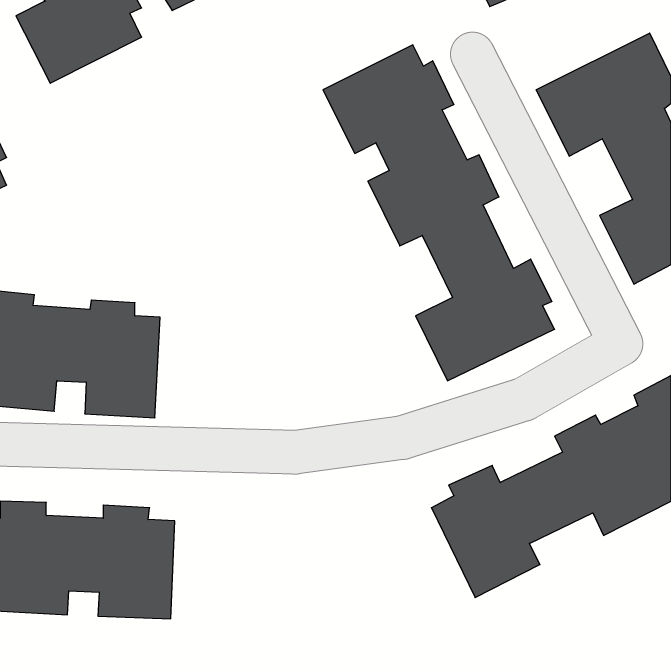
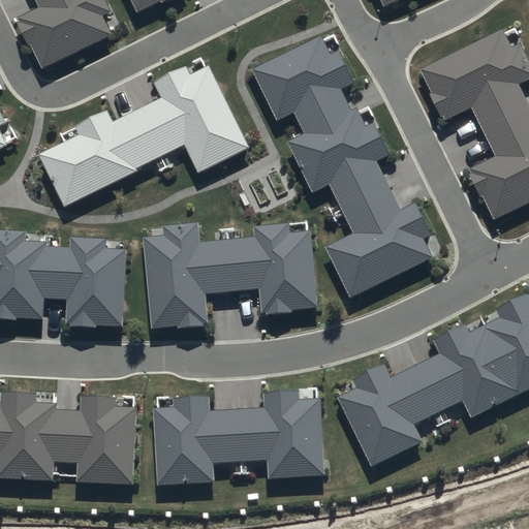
building: none -> [37,64,249,204]
building: none -> [141,222,319,329]
building: none -> [153,391,325,485]

